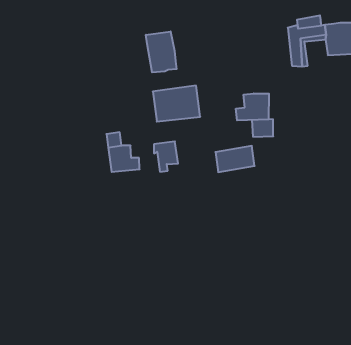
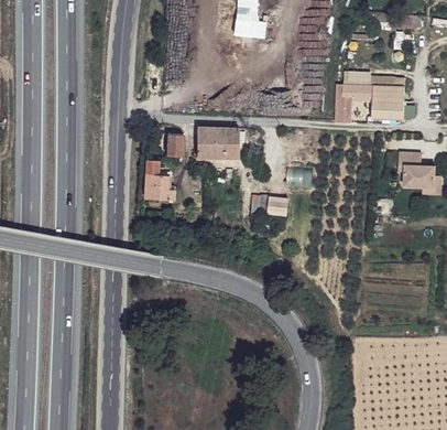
building: [146,31,177,72] -> none
building: [236,93,269,120] -> none
building: [154,141,178,172] -> [163,135,185,162]

